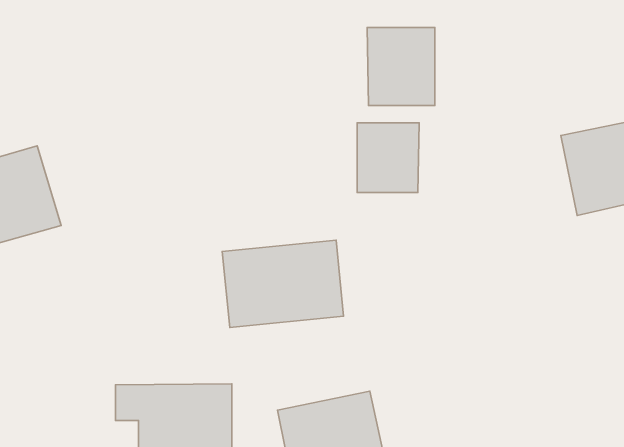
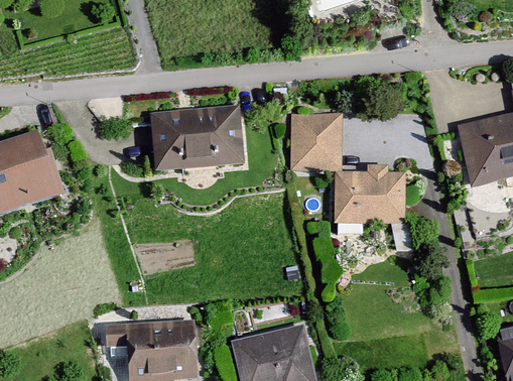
building: [367,28,435,105] -> none
building: none -> [337,173,405,225]
building: [222,240,344,328] -> [147,103,244,172]

